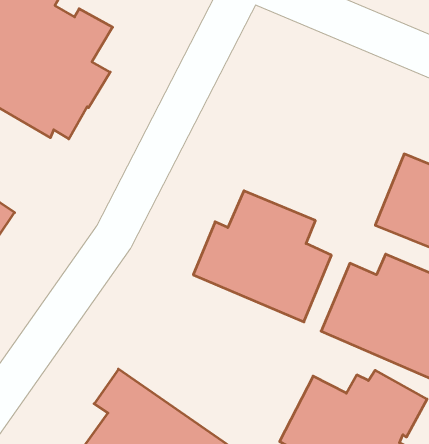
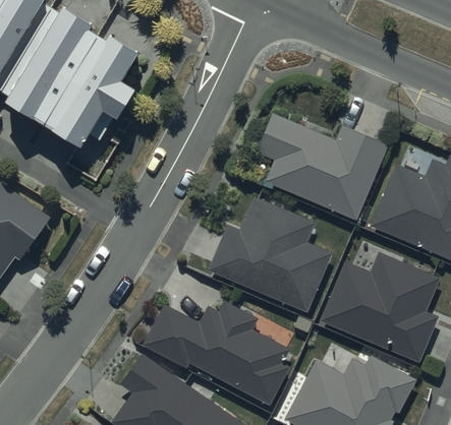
building: none -> [246,112,389,220]
building: none -> [143,301,291,407]

